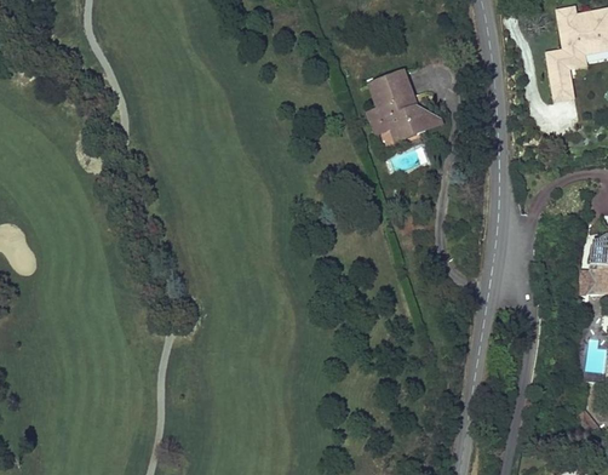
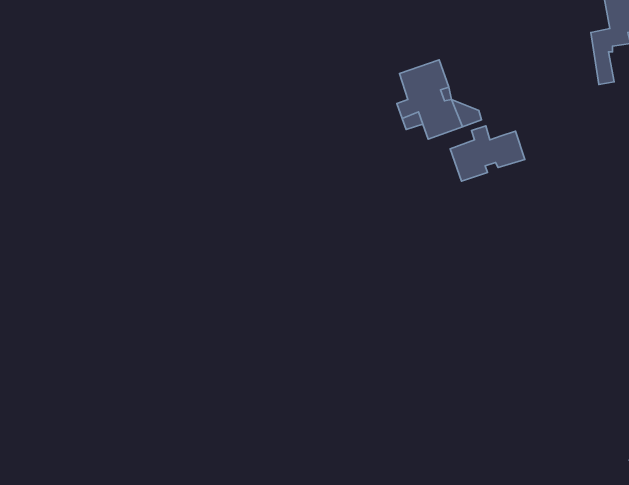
building: none -> [450,126,525,181]

